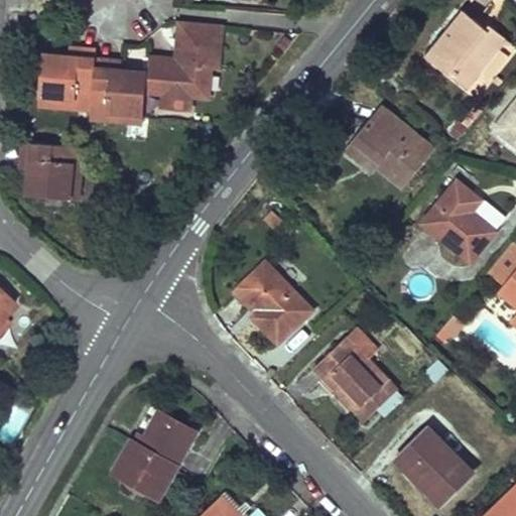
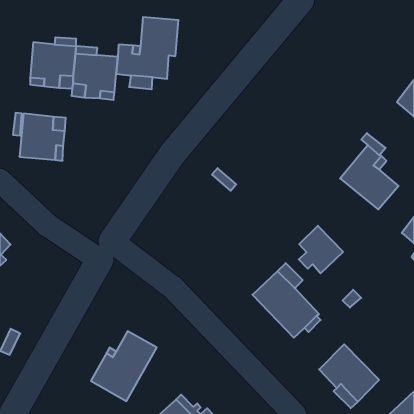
building: [425,10,506,90] -> none
building: [354,107,432,186] -> none
building: [230,261,312,344] -> none
building: none -> [299,226,343,273]

